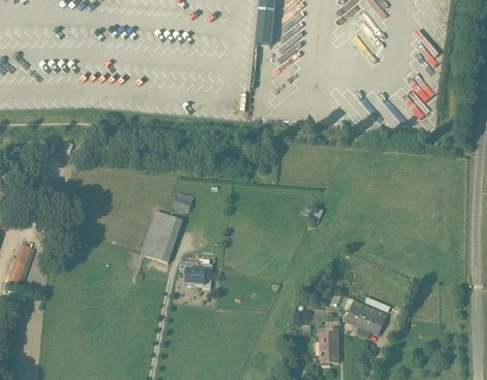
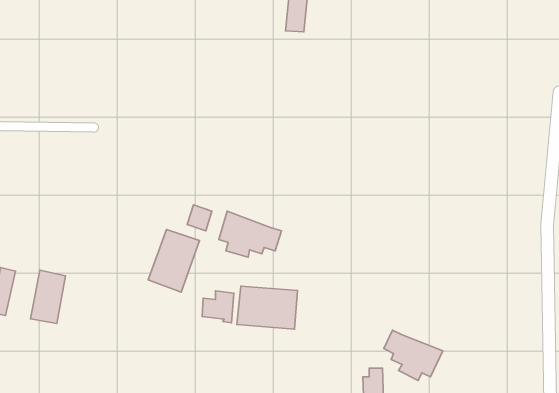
building: none -> [219,211,282,257]
building: none -> [30,270,66,324]
building: none -> [237,286,297,329]

